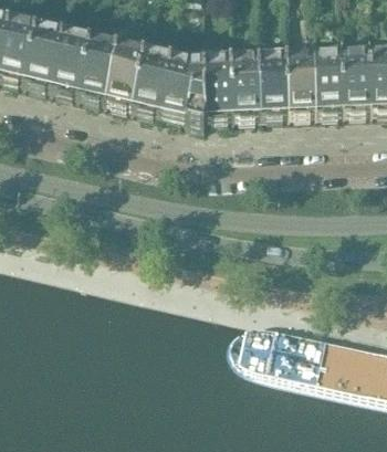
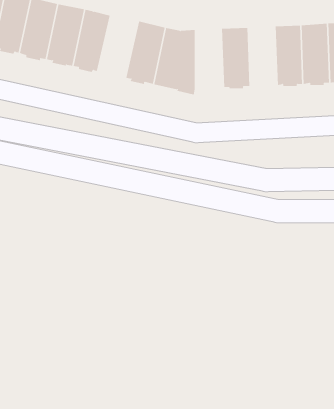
building: [112,41,154,106] -> none
building: [266,52,296,115] -> none
building: [212,54,241,118] -> none

